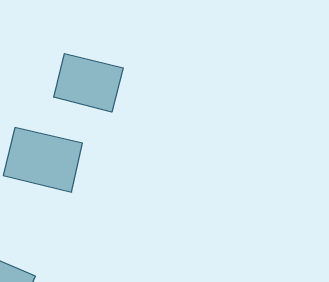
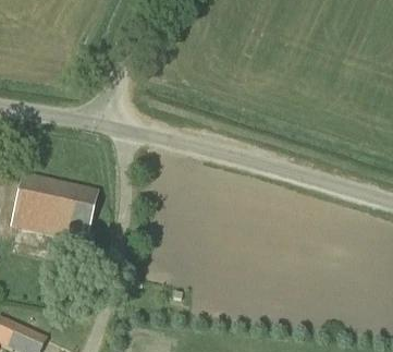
building: [54,54,123,112] -> none

